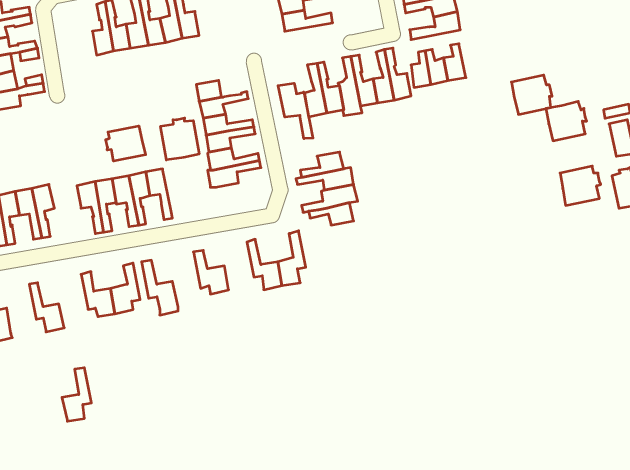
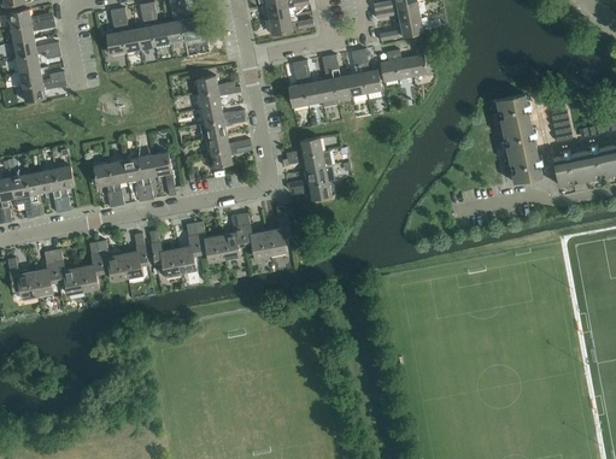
building: [511,75,552,114] -> [501,122,536,155]
building: [278,83,313,139] -> none
building: [161,118,199,160] -> none
building: [106,126,146,161] -> none
building: none -> [219,214,245,255]
building: none -> [175,223,199,270]
building: none -> [33,251,58,293]
building: [62,368,91,421] -> [77,242,102,288]

